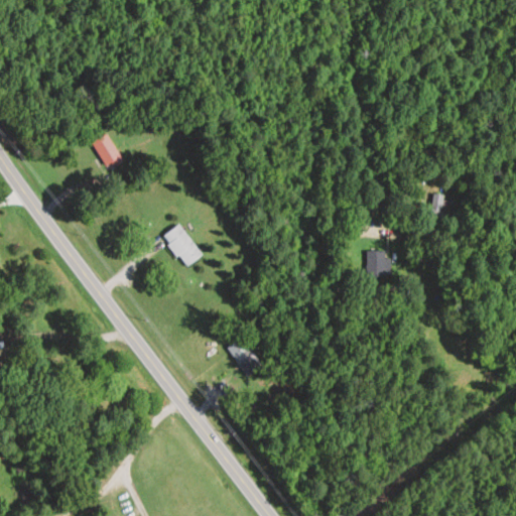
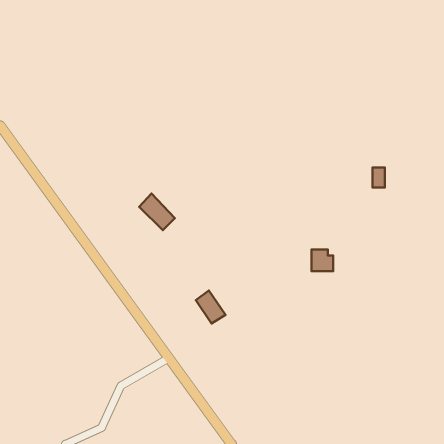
building: [94,133,122,168] -> none
building: [367,250,392,275] -> [311,249,333,271]

